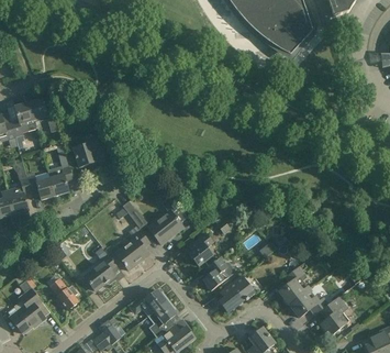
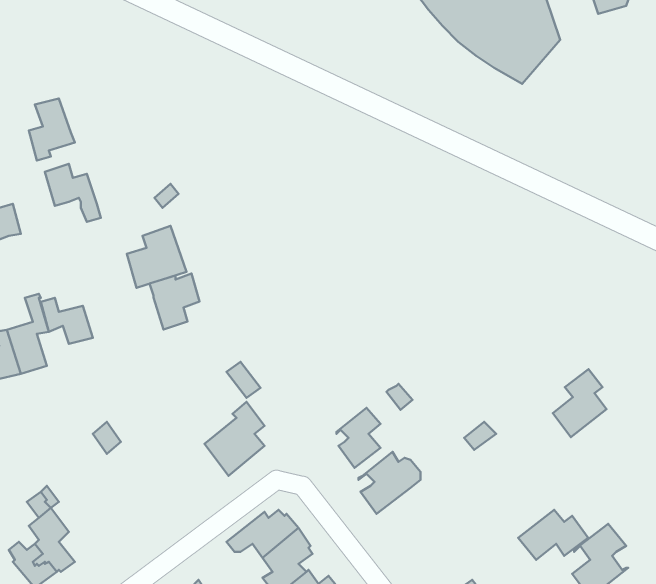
building: [11,103,36,137] -> [29,99,75,161]
building: [47,164,75,195] -> [149,274,199,330]
building: [148,195,188,244] -> none
building: [85,255,116,291] -> none
building: [279,267,309,305] -> [553,369,607,437]
building: [220,276,255,312] -> none
building: [49,277,79,310] -> none

